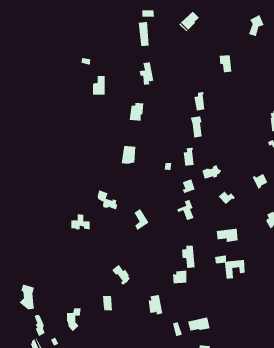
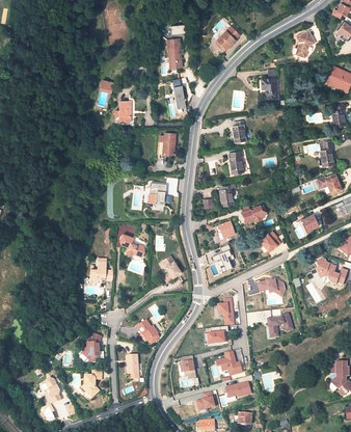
building: [19,284,35,310] -> [80,331,99,361]
building: none -> [215,349,242,375]

